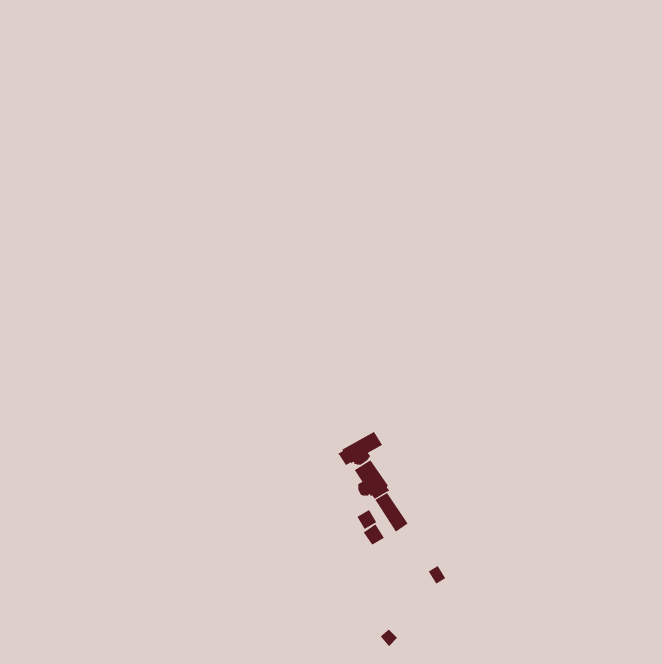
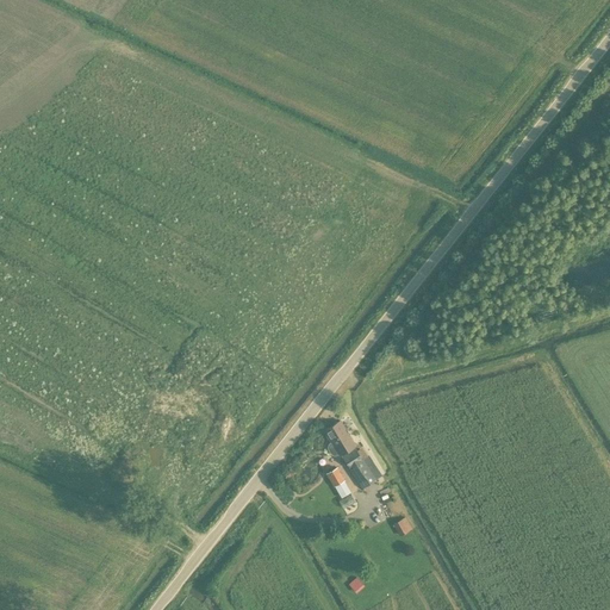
building: [337,431,383,466] -> none

